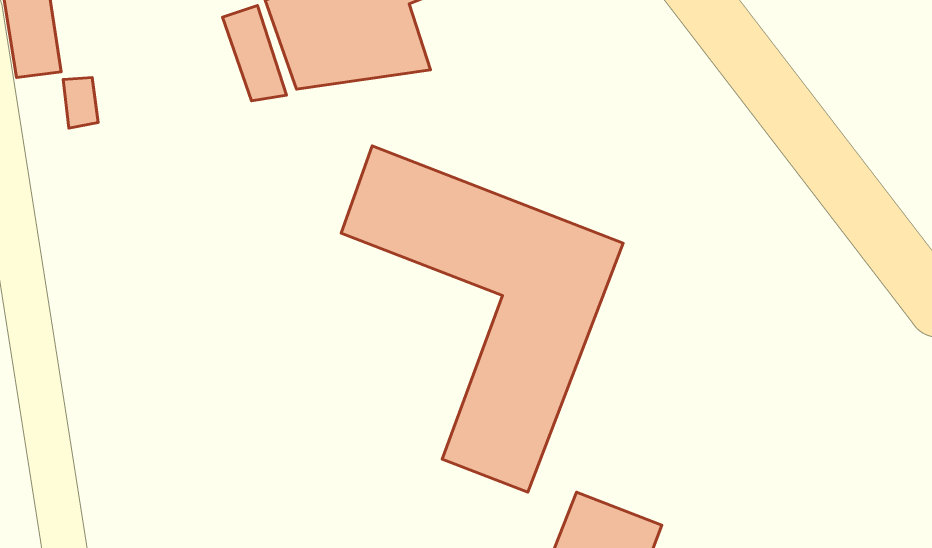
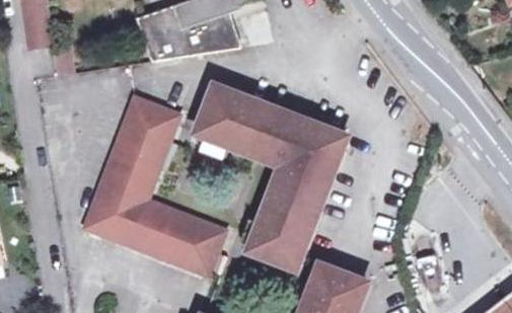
building: none -> [82,95,225,276]

